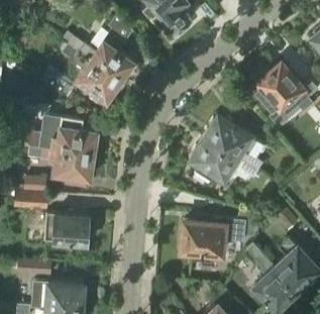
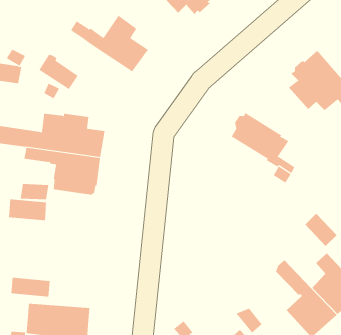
building: [62,44,121,105] -> none
building: [192,136,237,180] -> none
building: [181,208,259,261] -> none
building: [44,213,89,243] -> none

